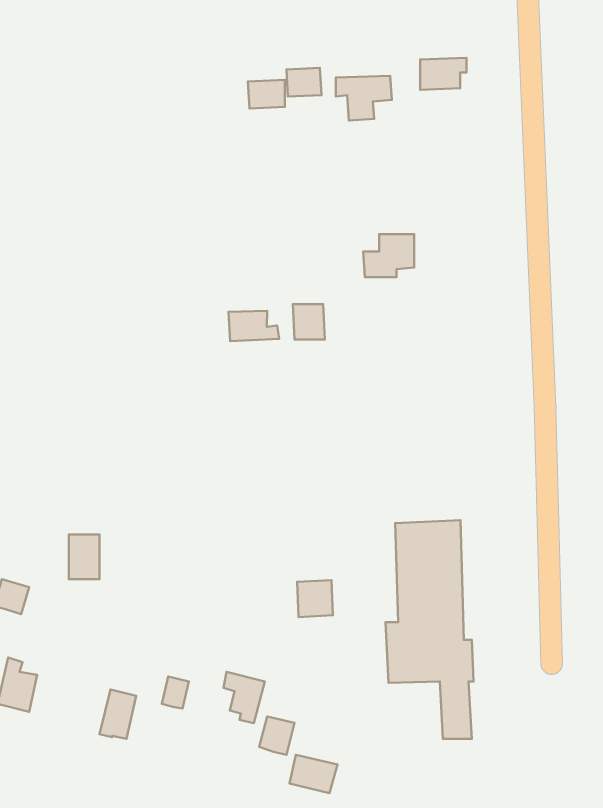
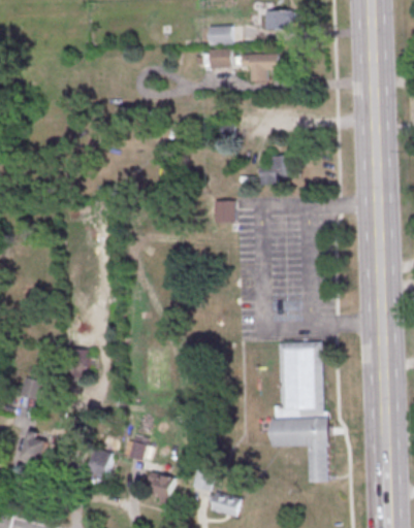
building: [420,58,467,90] -> [265,9,295,30]
building: [248,80,285,109] -> [208,25,231,43]
building: [229,311,279,341] -> none
building: [297,580,333,617] -> none
building: [223,672,265,723] -> [149,470,176,503]

